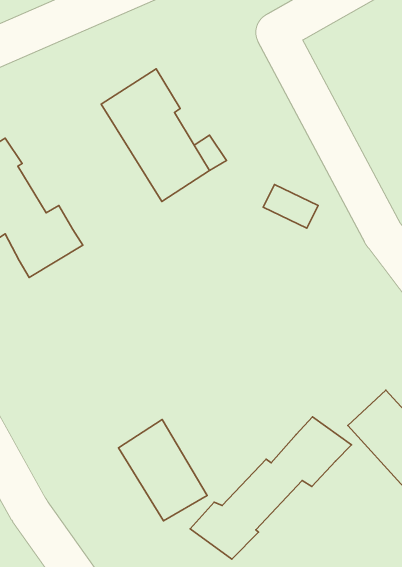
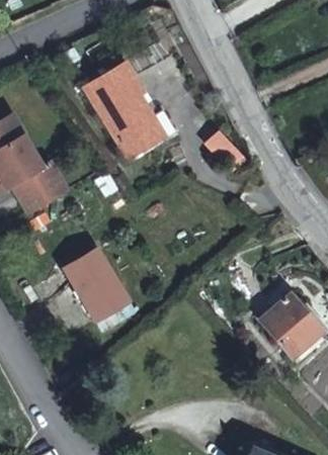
building: [190,417,351,559] -> none
building: [119,419,207,521] -> [65,247,129,320]

